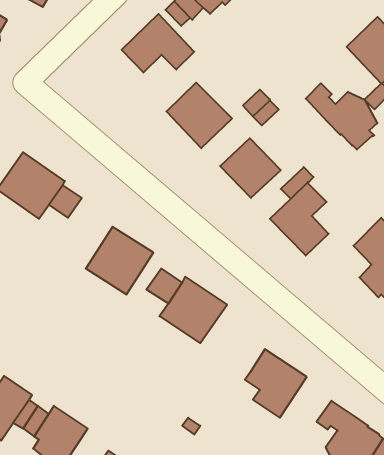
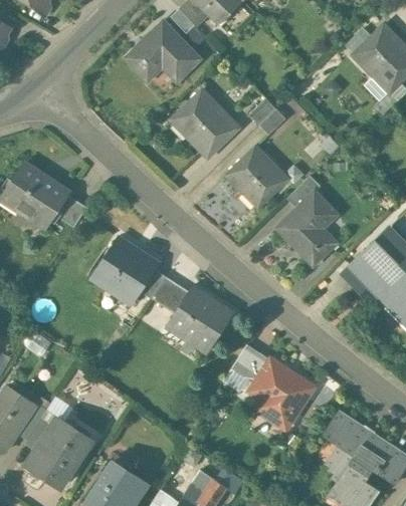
building: [306,83,377,150] -> none
building: none -> [342,255,379,293]
building: none -> [232,344,271,384]

